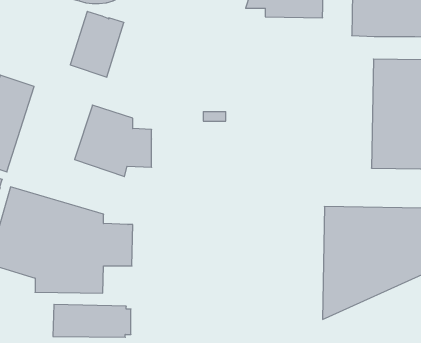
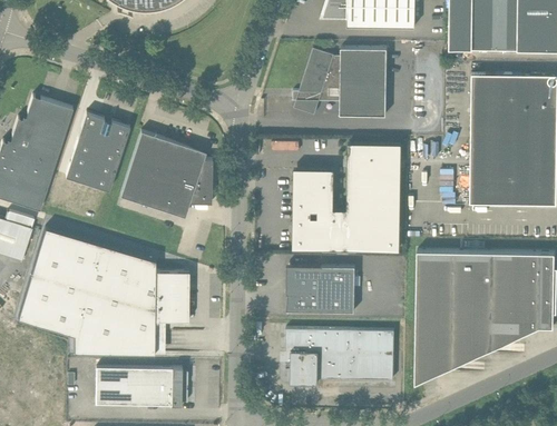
building: [70,11,124,77] -> [66,113,129,191]
building: none -> [293,48,388,116]
building: none -> [293,143,401,250]
building: none -> [286,267,355,313]
building: none -> [285,329,393,384]

